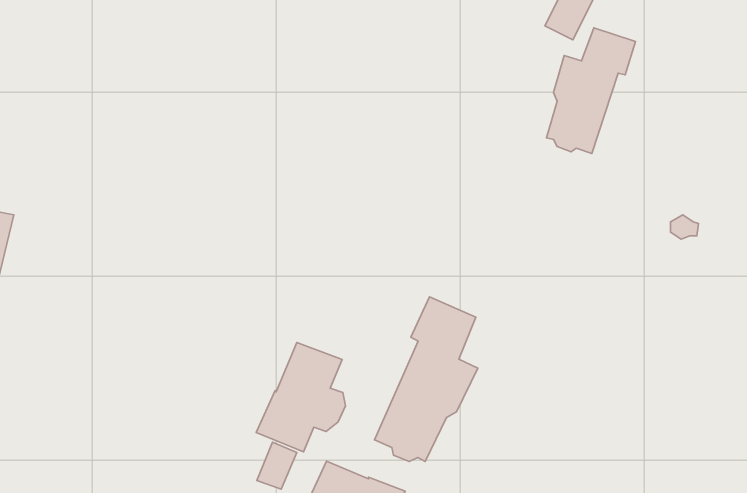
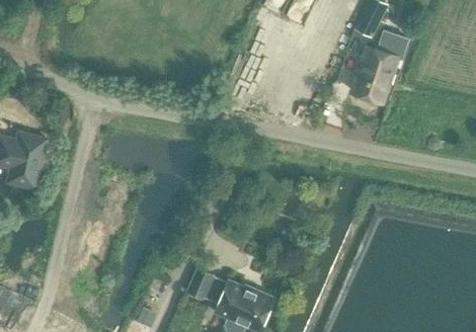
building: [374,297,478,461] -> none
building: [256,343,345,452] -> none

